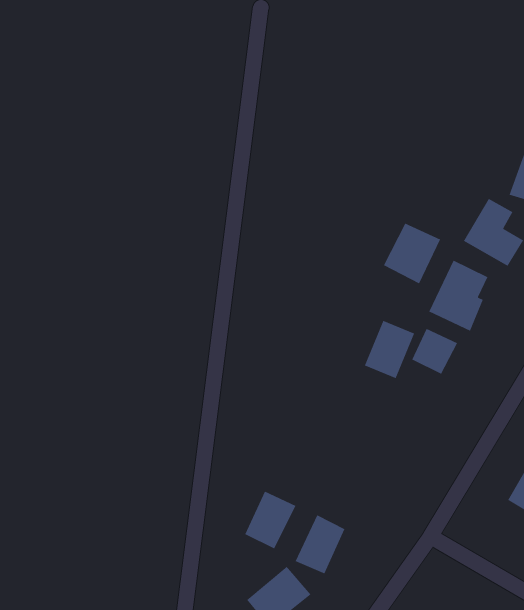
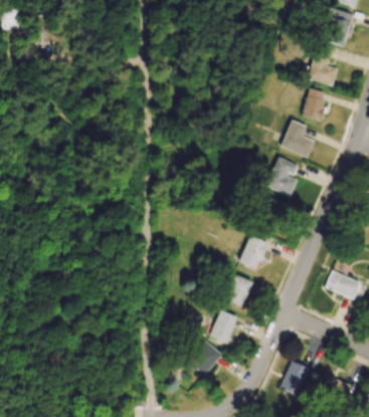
building: [383,223,441,284] -> none
building: [364,320,415,379] -> [240,236,266,268]
building: [244,491,296,549] -> [225,274,252,306]

